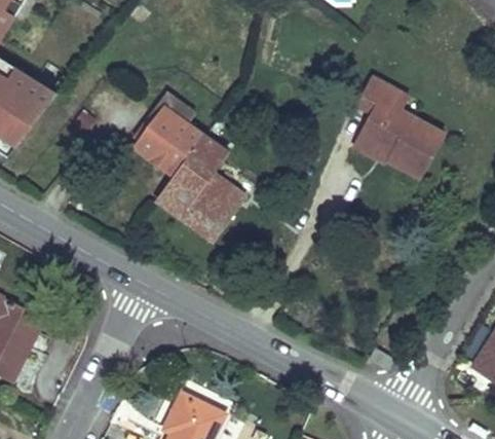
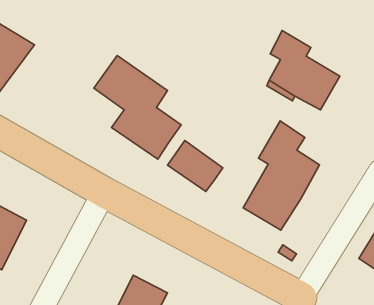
building: none -> [243,121,320,230]
building: none -> [167,140,223,192]

